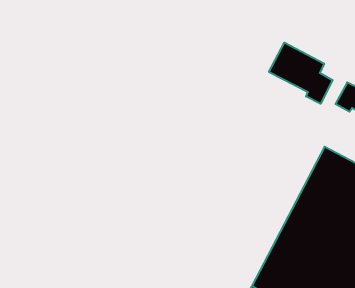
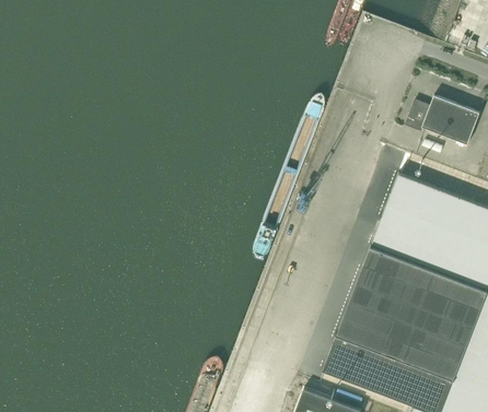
building: [269,43,333,104] -> none

